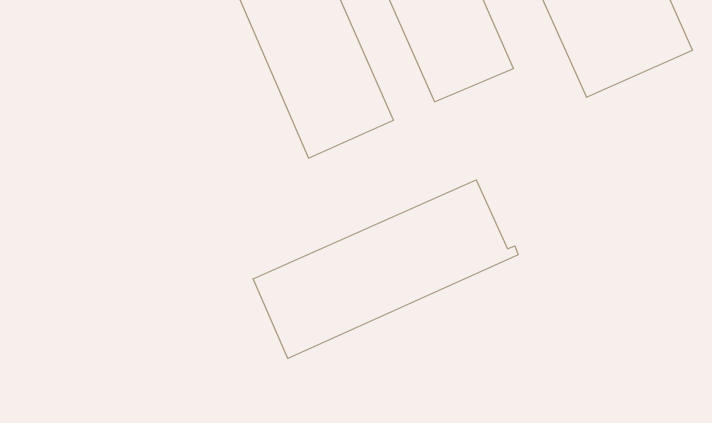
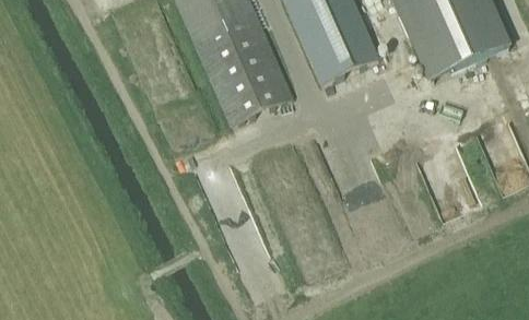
building: [253,180,518,358] -> none

